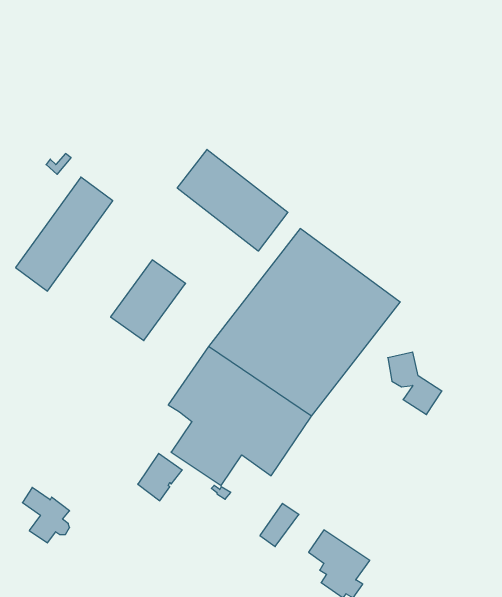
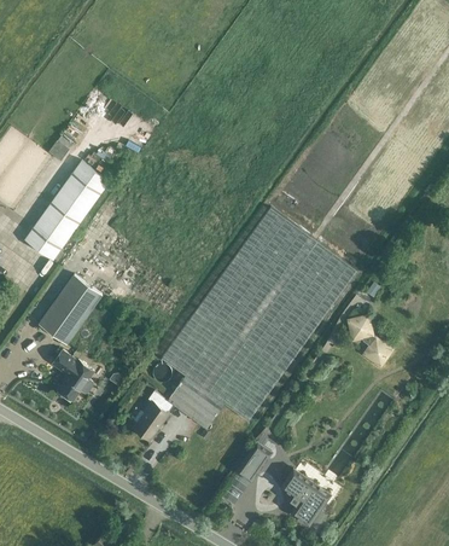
building: [177,149,288,251] -> none
building: [111,260,186,341] -> [37,275,103,345]
building: [22,487,70,543] -> [49,353,91,401]

